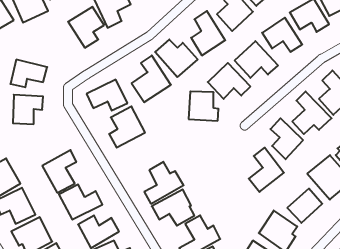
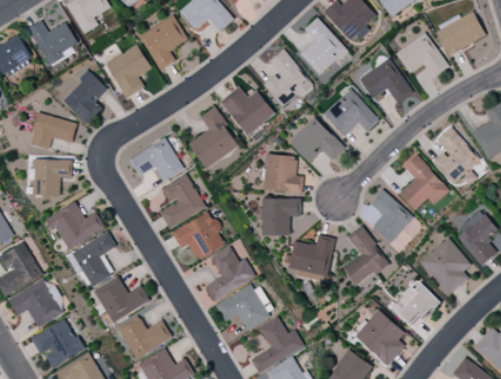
building: none -> [62,69,107,125]
building: none -> [259,198,300,236]
building: none -> [45,202,105,250]
building: none -> [172,213,228,261]
building: none -> [288,234,334,277]

